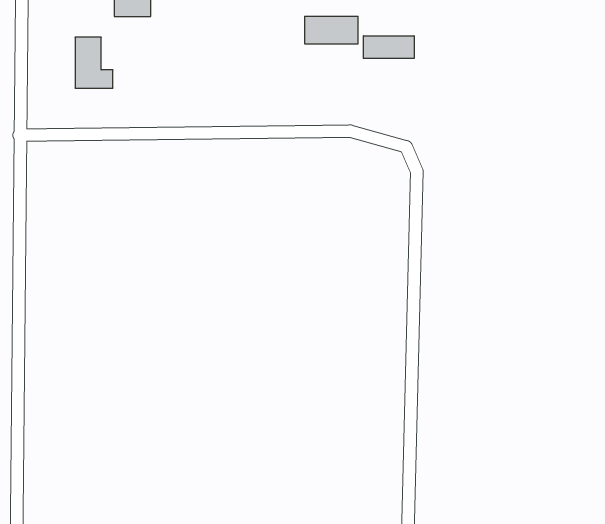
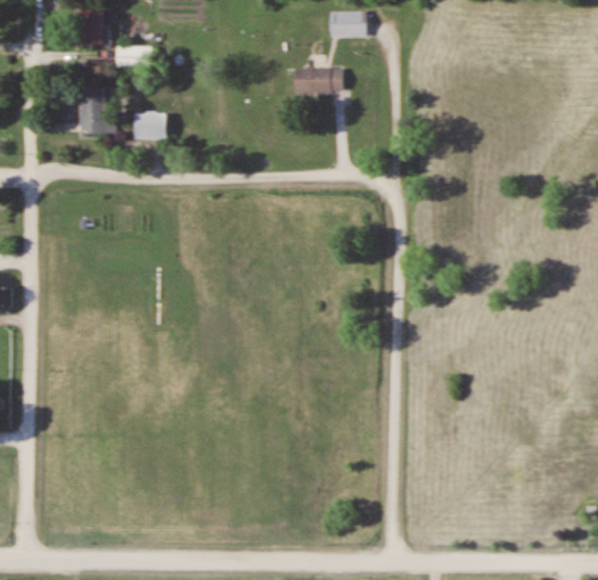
building: [363,36,414,58] -> none
building: none -> [133,113,165,141]

